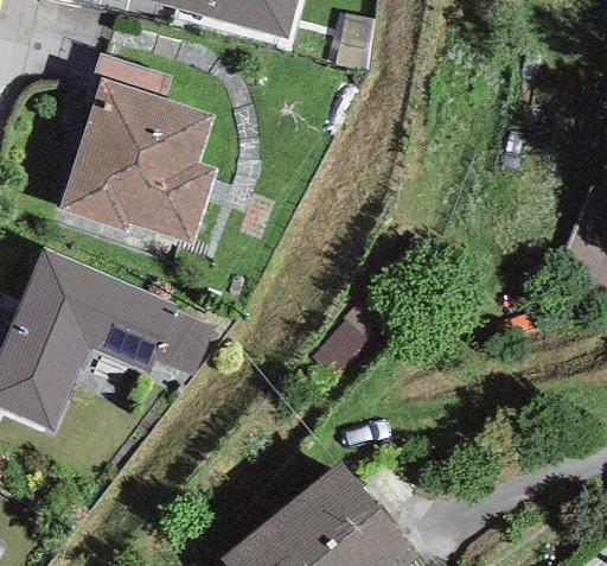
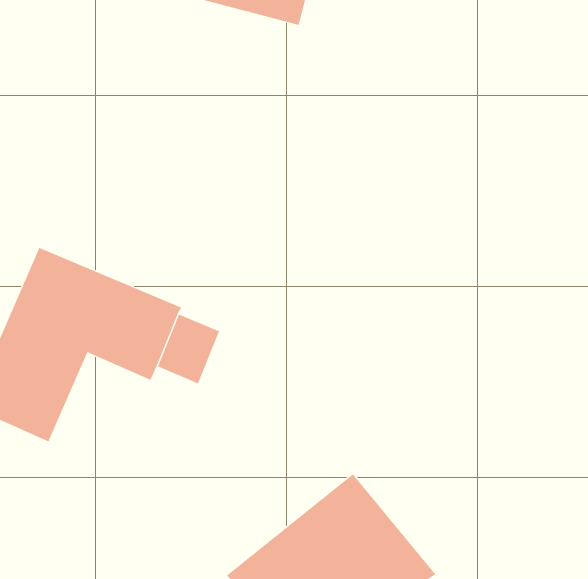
building: [58,78,216,244] -> none

